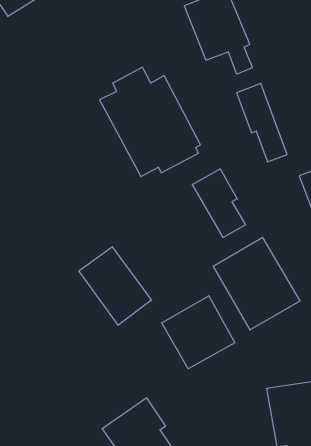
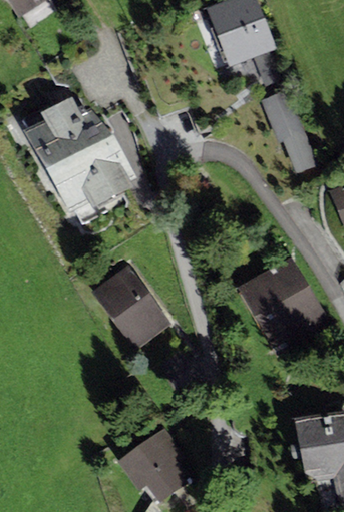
building: [100,67,200,176] -> [26,94,134,211]
building: [192,169,245,237] -> none
building: [162,296,235,369] -> none

